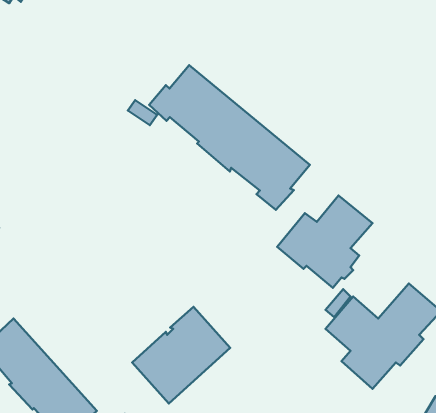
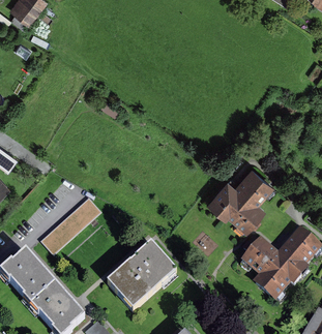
building: [149,65,310,210] -> none
building: none -> [40,196,103,254]

